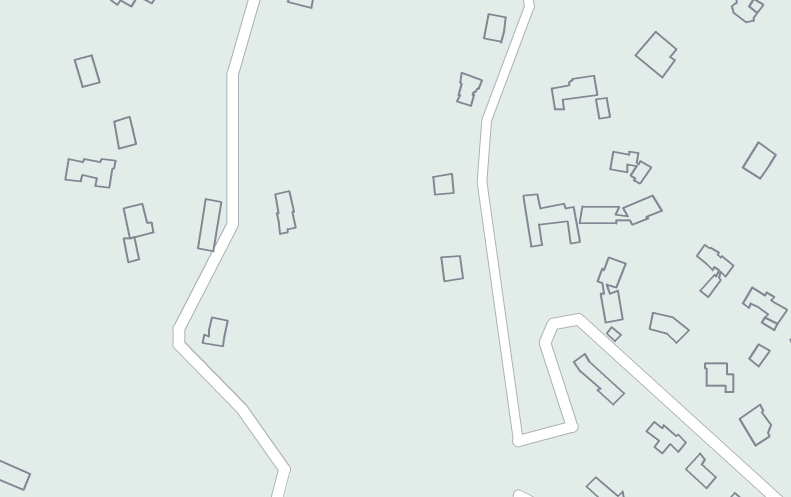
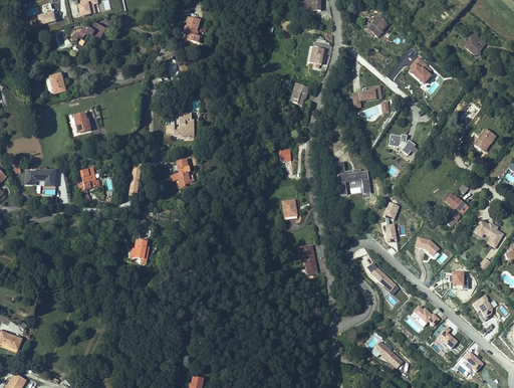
building: none -> [166,114,192,138]
building: [65,159,116,188] -> [24,167,56,185]
building: [580,195,662,225] -> none
building: none -> [297,244,316,276]

